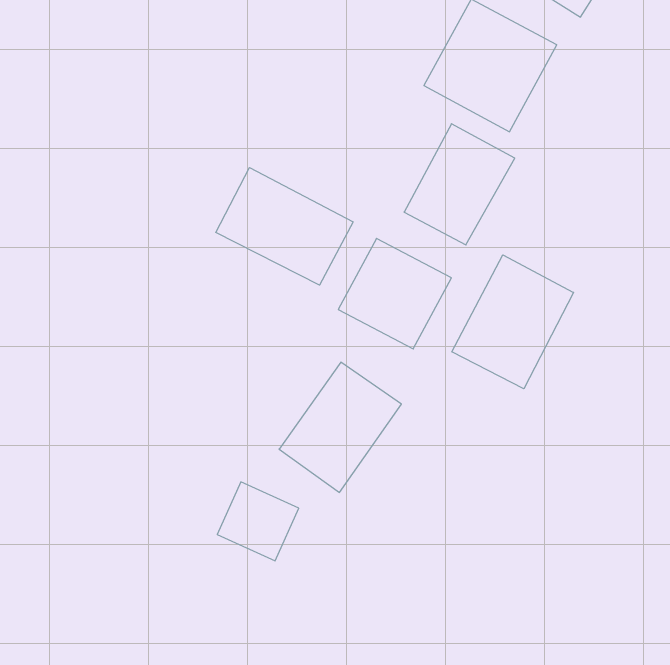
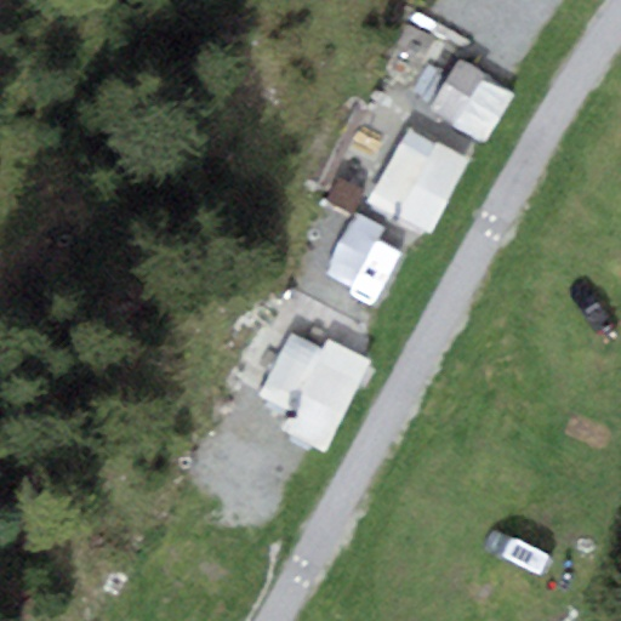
building: [216,168,353,285] -> none
building: [452,255,574,389] -> none

